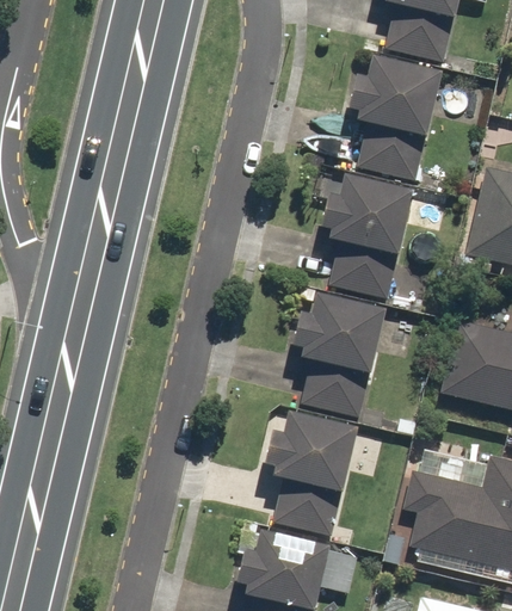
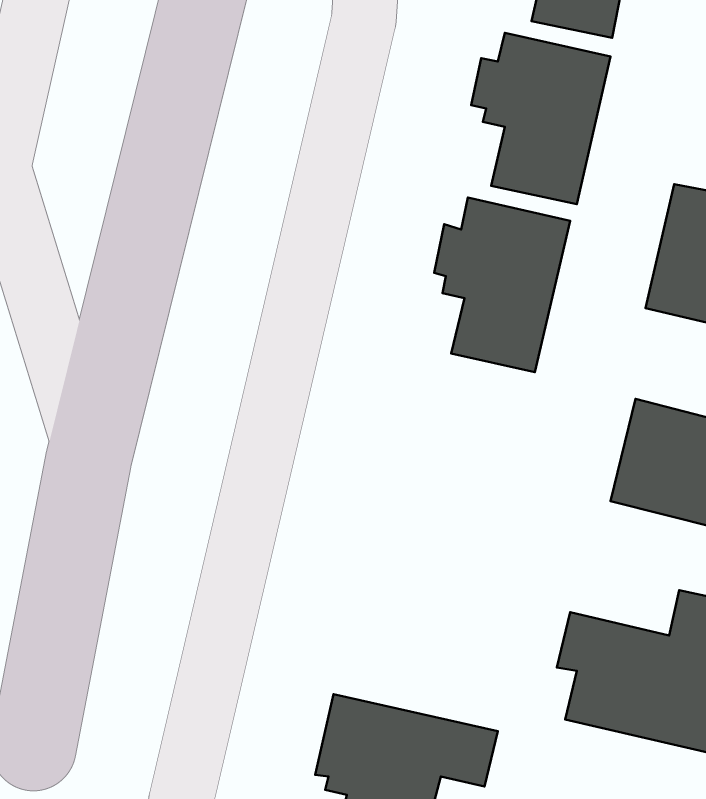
building: [286,294,384,416] -> none
building: [259,412,357,535] -> none

